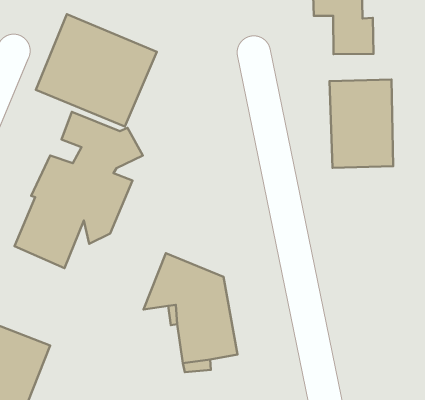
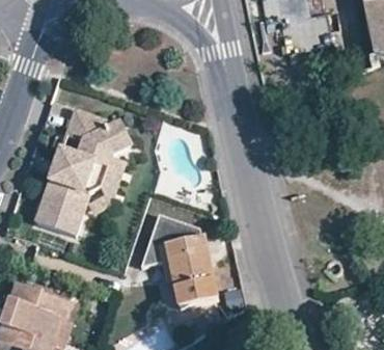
building: [36,14,157,127] -> none
building: [330,80,393,168] -> none

